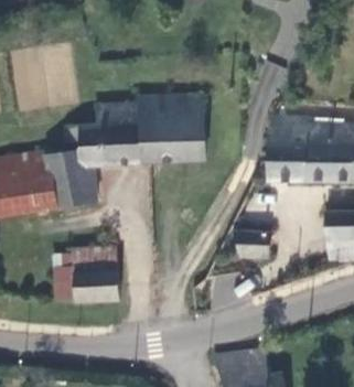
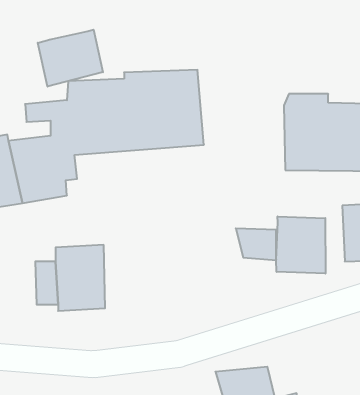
building: none -> [38,30,103,87]
building: none -> [276,216,325,274]

